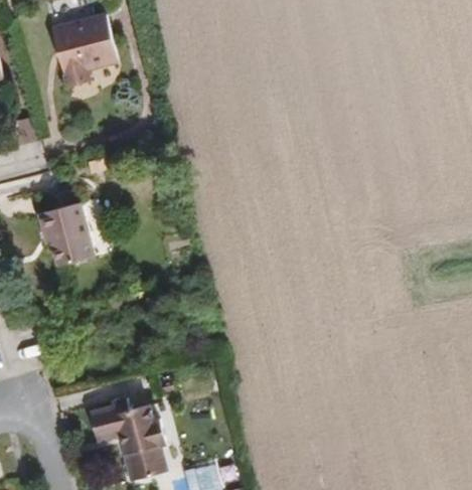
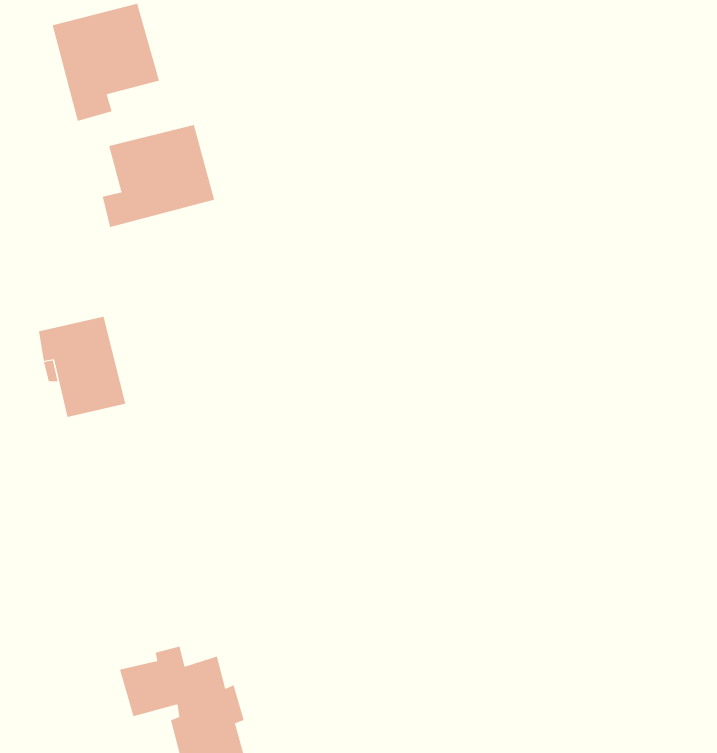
building: none -> [102,124,215,228]

